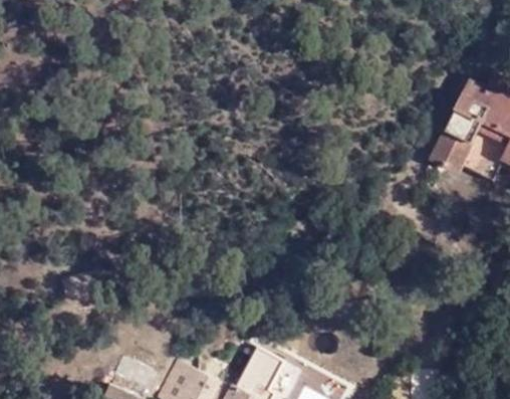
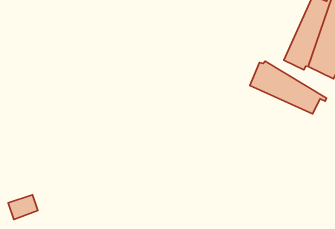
building: none -> [250,61,327,114]

